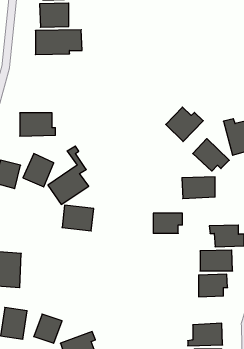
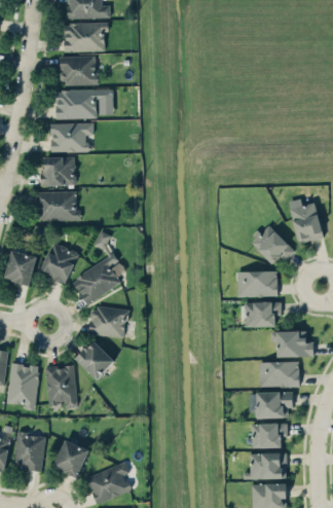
building: none -> [50,122,94,152]
building: none -> [40,156,75,185]
building: [166,107,203,142] -> none
building: [153,213,182,233] -> [245,301,281,326]
building: none -> [76,340,115,378]
building: none -> [45,365,76,407]
building: none -> [252,423,287,447]

